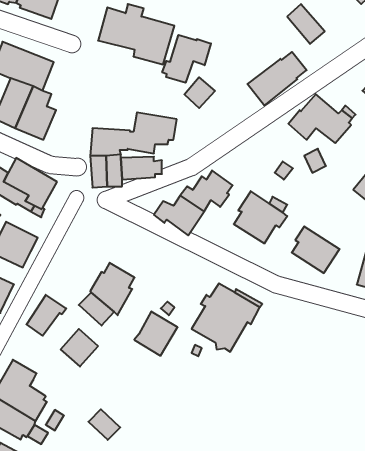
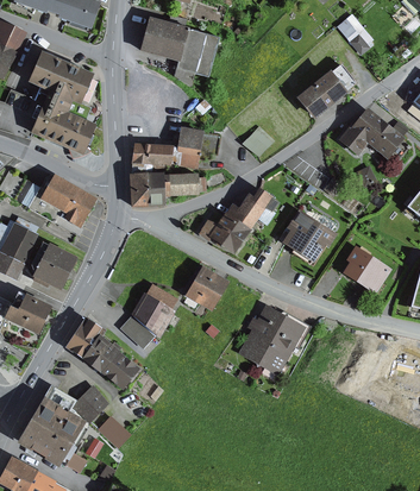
building: [162,35,211,83] -> none
building: [184,77,215,108] -> [243,125,275,157]
building: [134,311,178,356] -> [183,265,228,311]
building: none -> [81,335,121,373]
building: none -> [71,384,108,422]
building: [88,409,120,440] -> [98,415,131,447]

